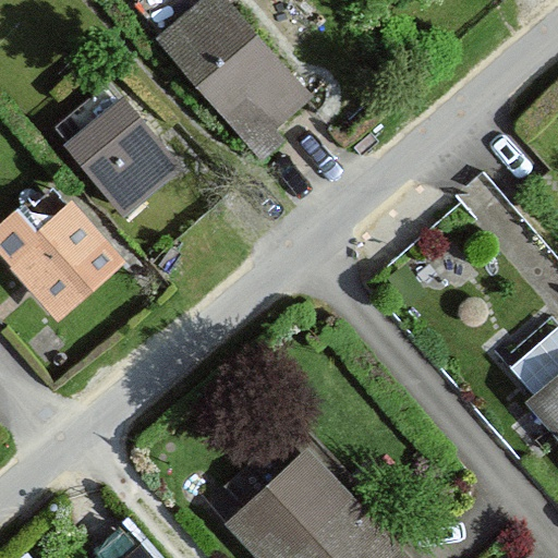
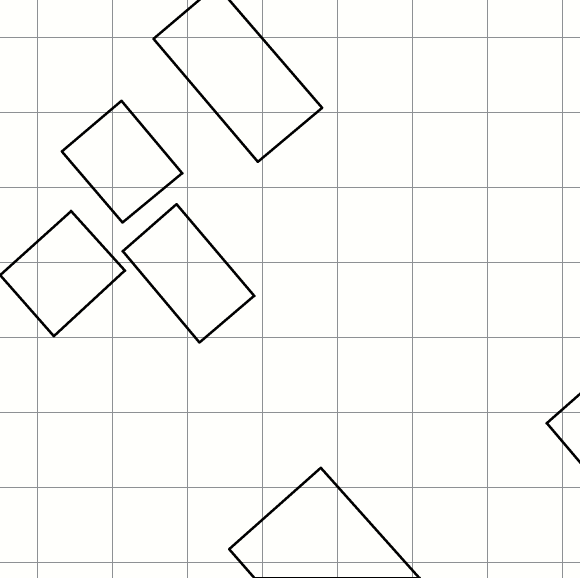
building: none -> [123,204,254,342]

